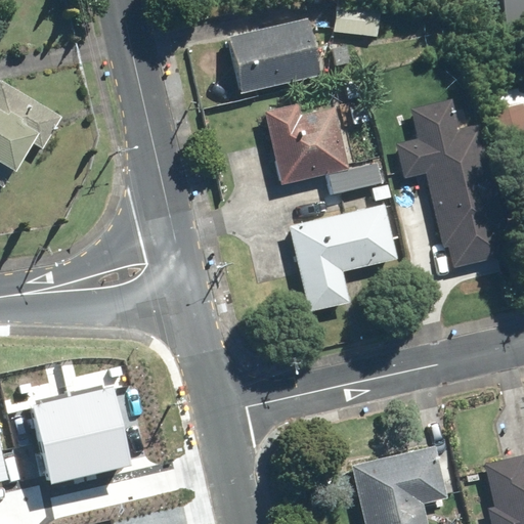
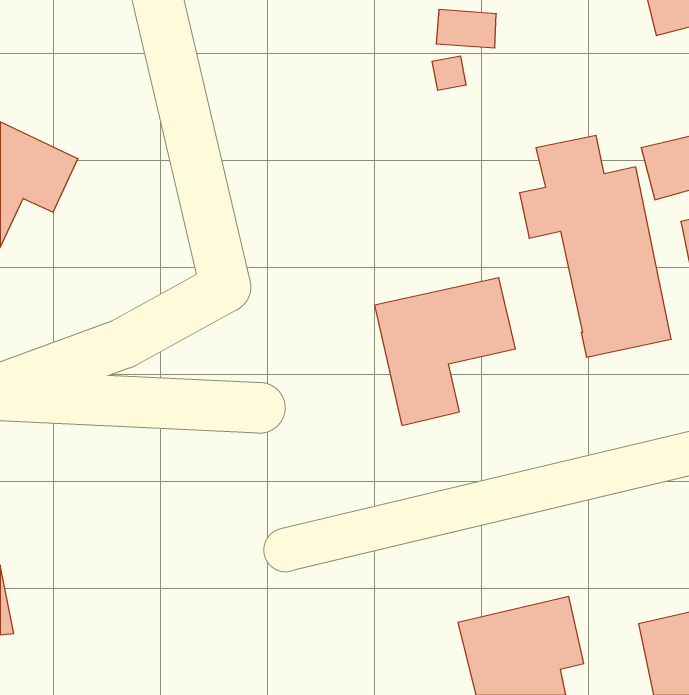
building: [225,13,328,96] -> none
building: [260,97,380,194] -> none
building: [43,385,138,479] -> none

